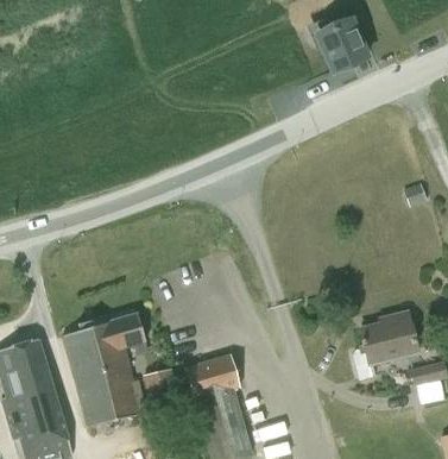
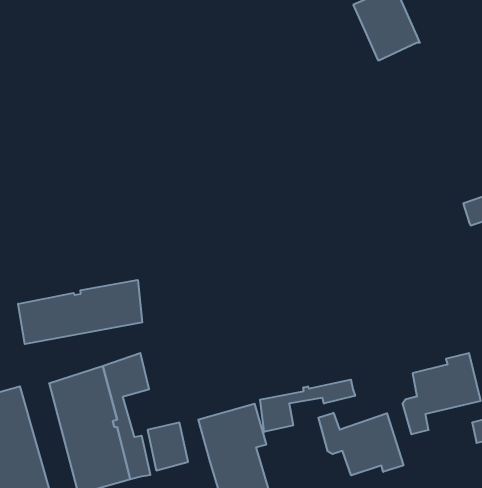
building: none -> [18,280,142,344]
building: none -> [260,380,355,432]
building: none -> [318,413,403,475]

